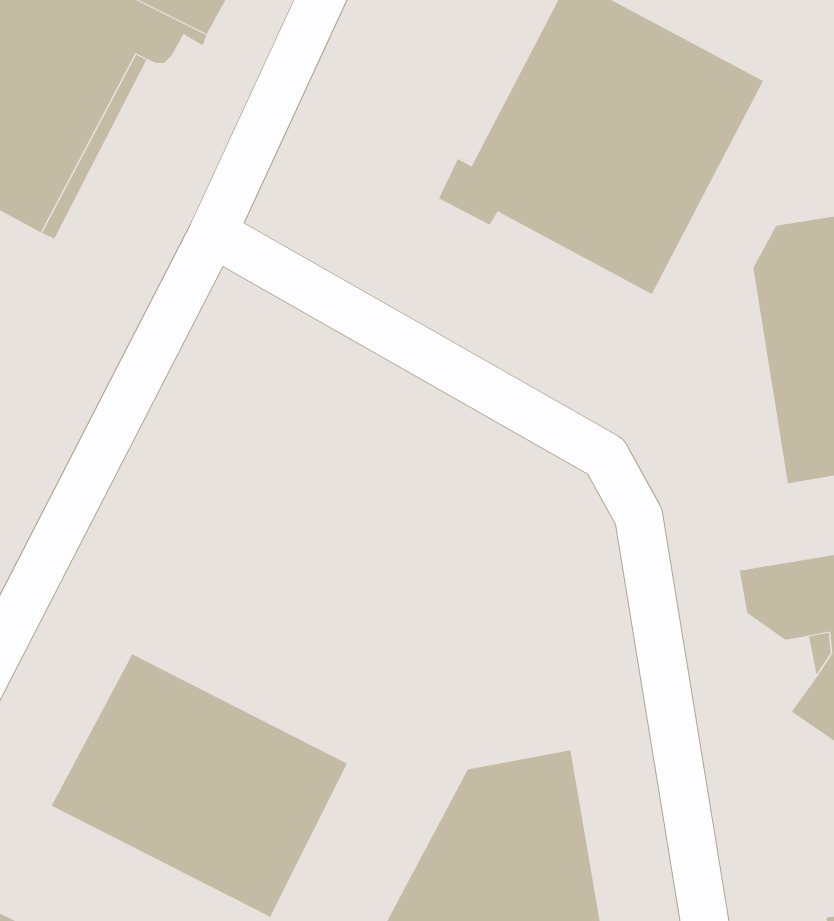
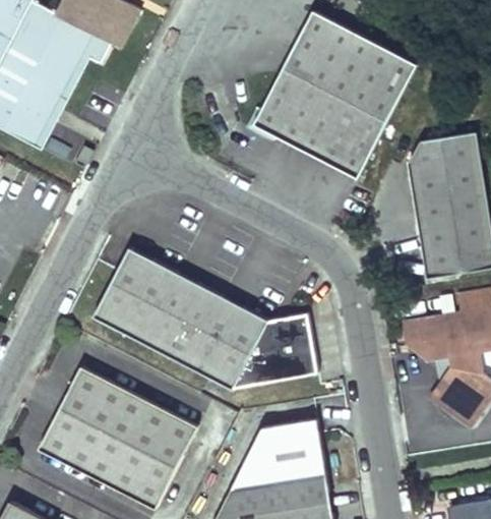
building: none -> [95,247,314,388]

